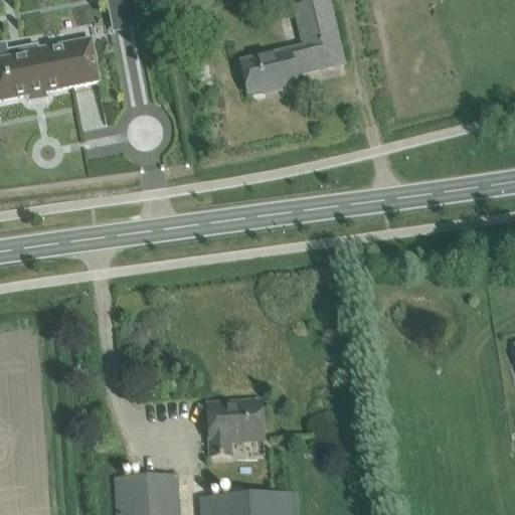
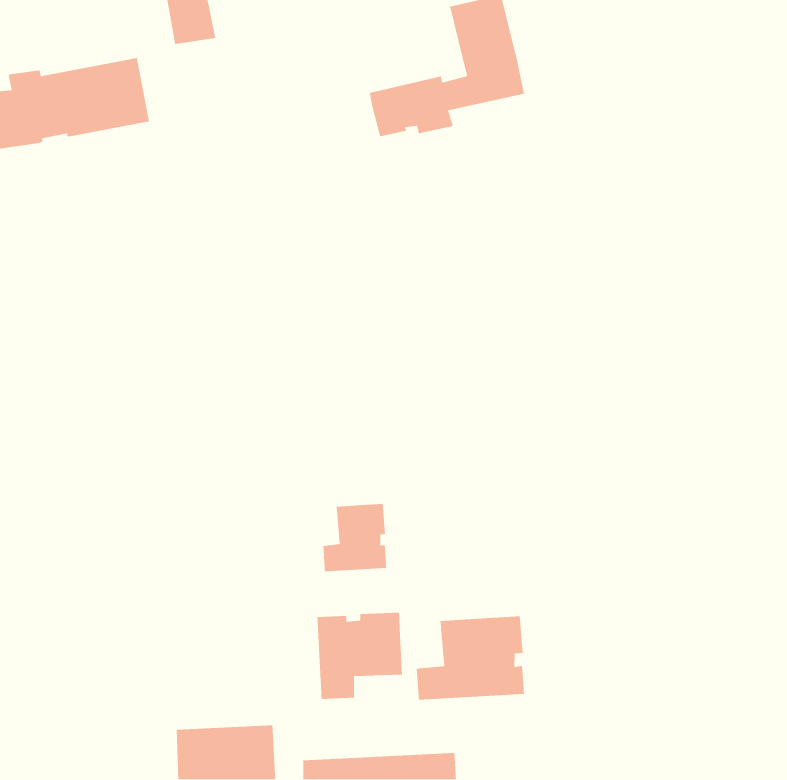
building: none -> [322,503,387,572]
building: none -> [416,616,525,700]

